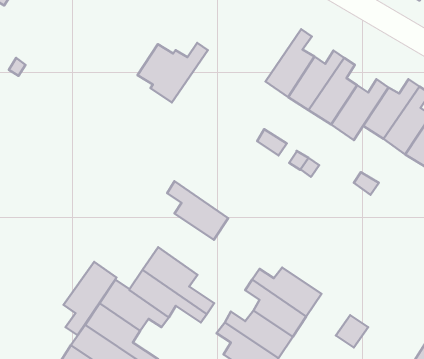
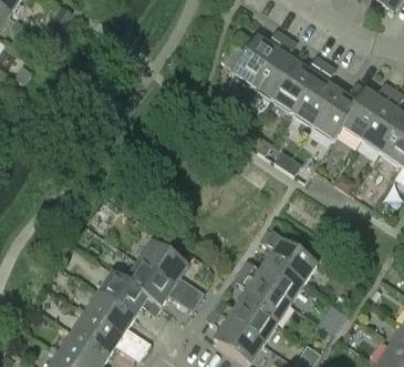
building: [137,43,208,102] -> [219,29,284,84]
building: [167,181,228,240] -> [260,227,317,282]
building: [64,262,116,335] -> none

